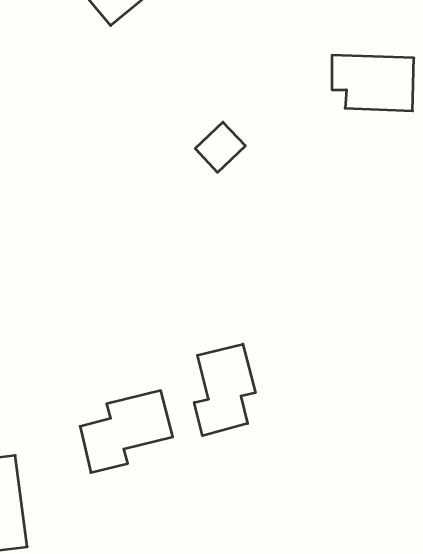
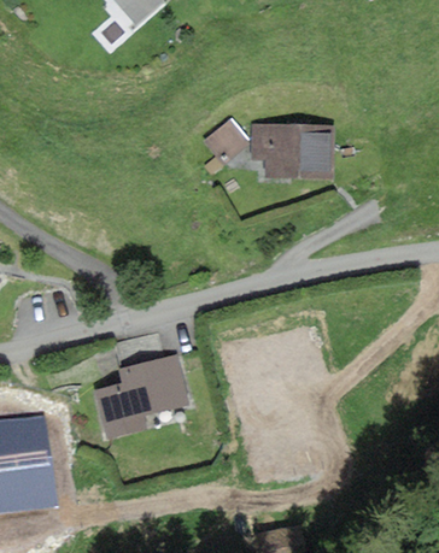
building: [332,55,414,111] -> [257,125,332,176]
building: [194,344,255,436] -> none

